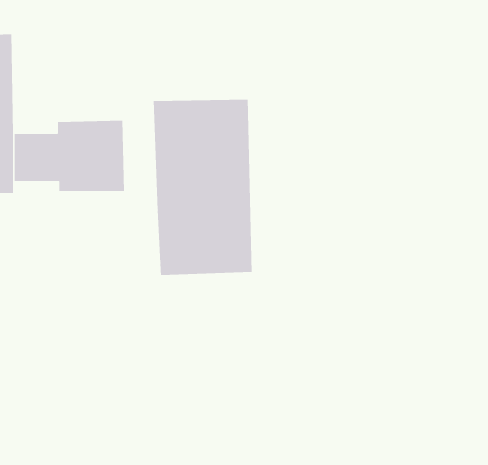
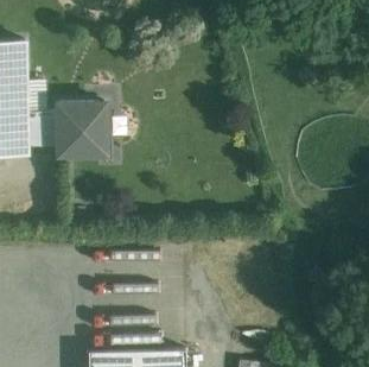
building: [153,99,252,276] -> none

